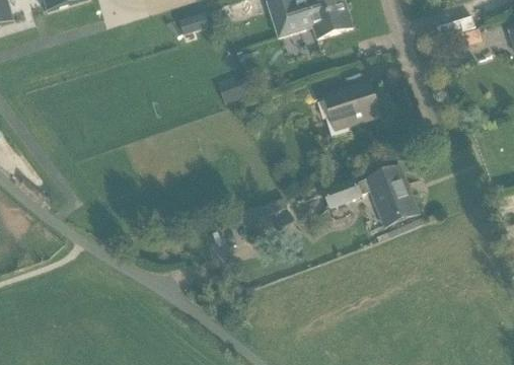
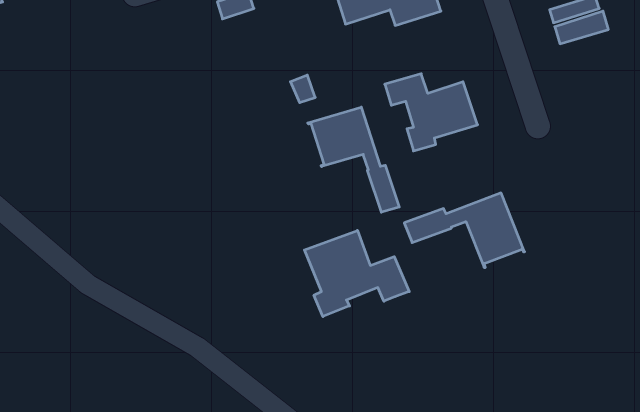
building: none -> [308,107,399,212]
building: none -> [304,230,409,317]

